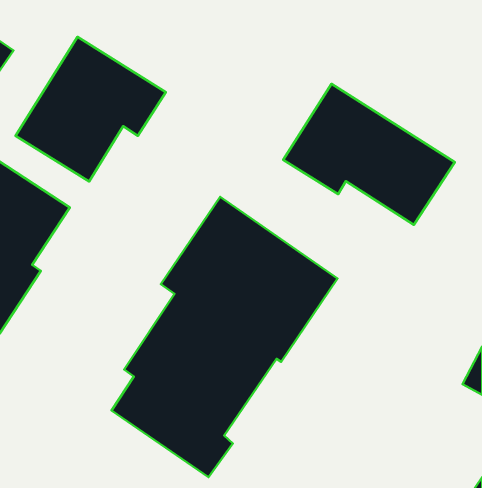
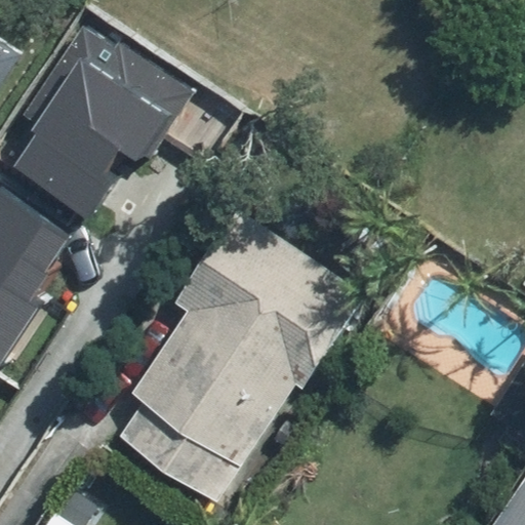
building: [283,84,455,225] -> none

